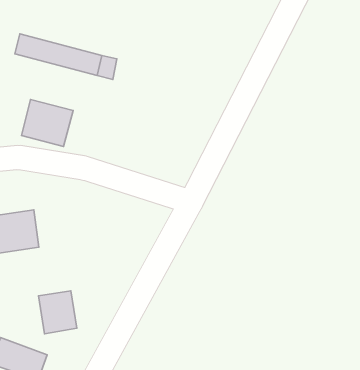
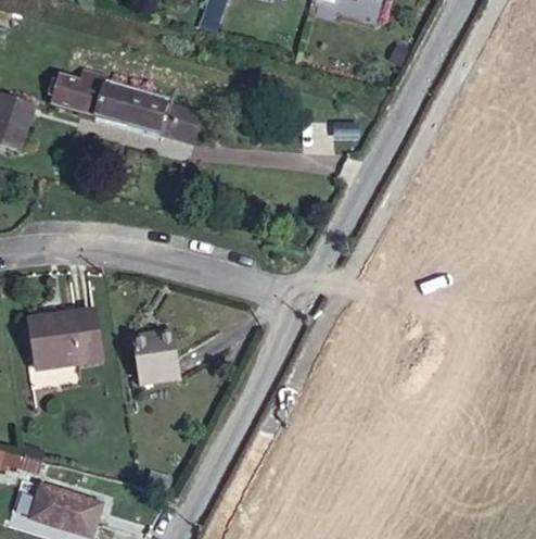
building: [22,99,73,146] -> none
building: [39,291,77,334] -> [130,327,180,384]

